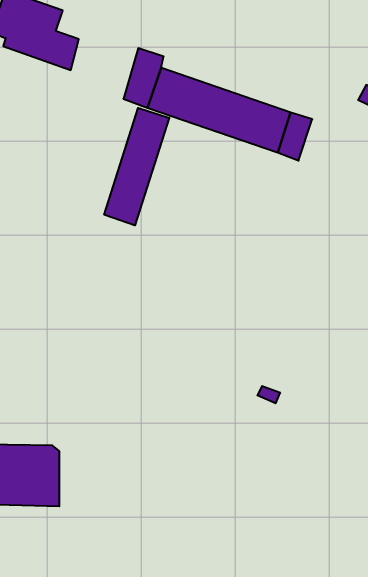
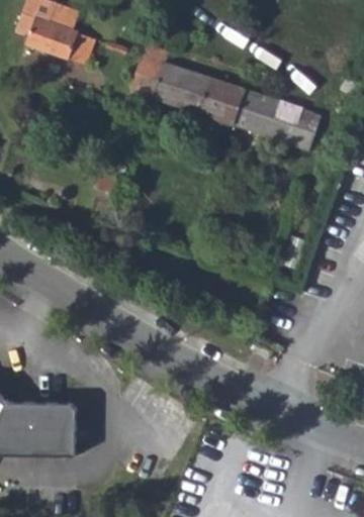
building: [104,108,169,225] -> none
building: none -> [290,110,325,152]

